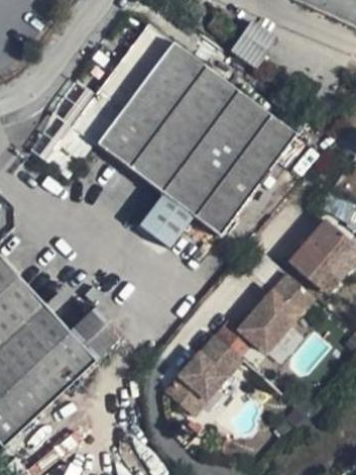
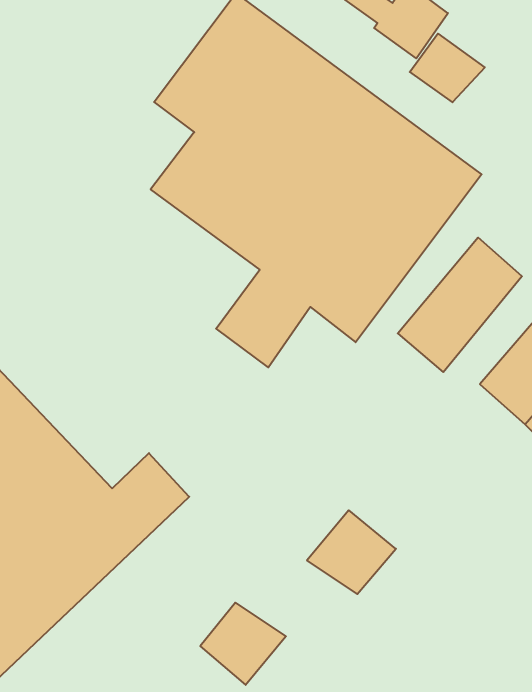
building: none -> [410,34,485,102]
building: [239,273,314,354] -> [398,238,522,372]
building: [167,368,219,417] -> [200,603,286,685]

